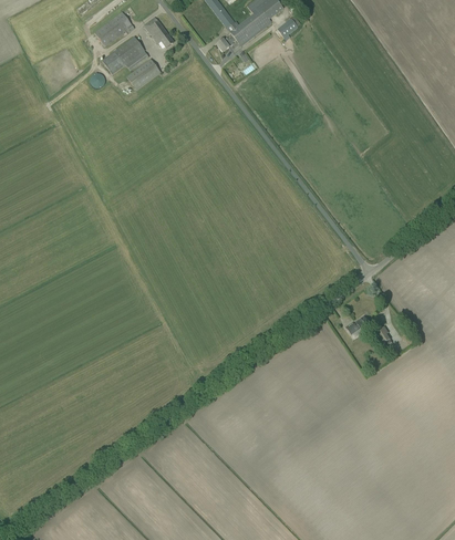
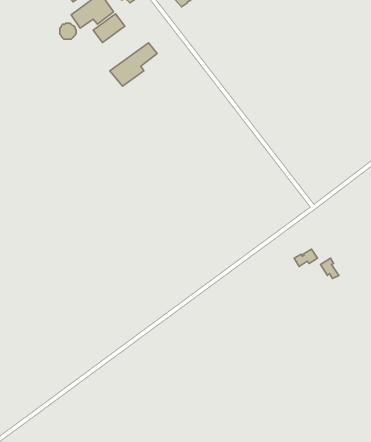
building: none -> [110,43,157,86]

